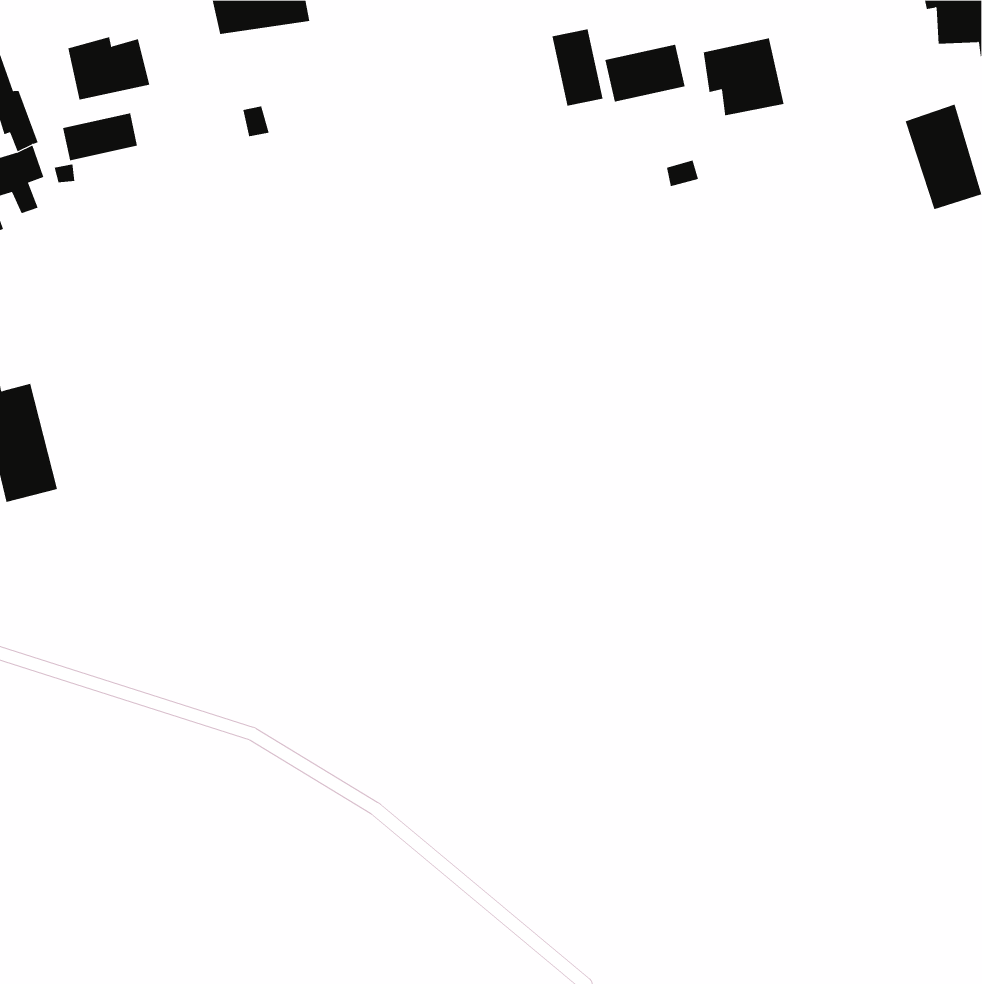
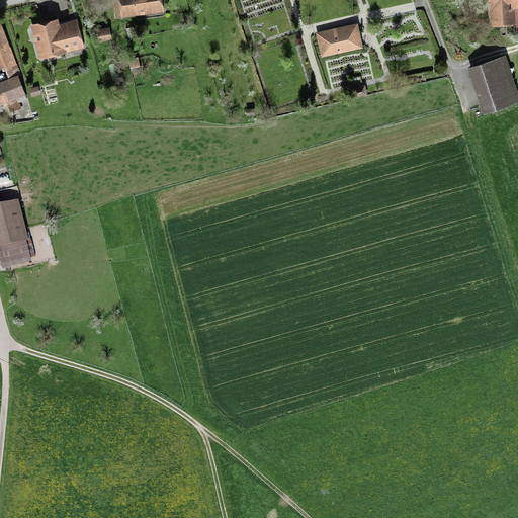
building: [552,29,603,107] -> none
building: [703,37,784,116] -> none
building: [63,112,137,161] -> none

